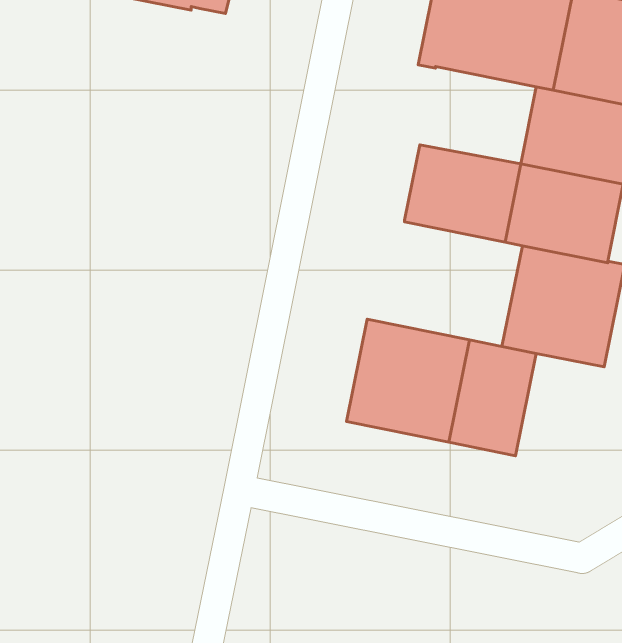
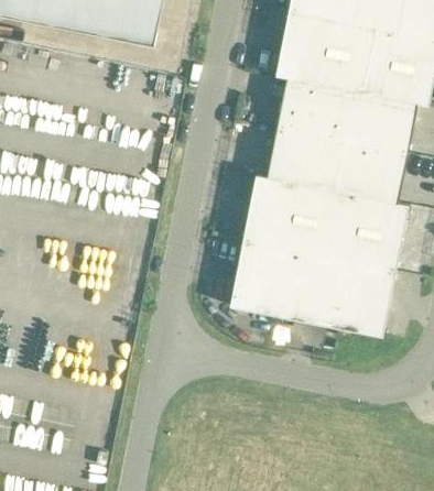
building: none -> [276,77,351,140]
building: none -> [242,175,343,258]
building: none -> [338,262,395,337]

